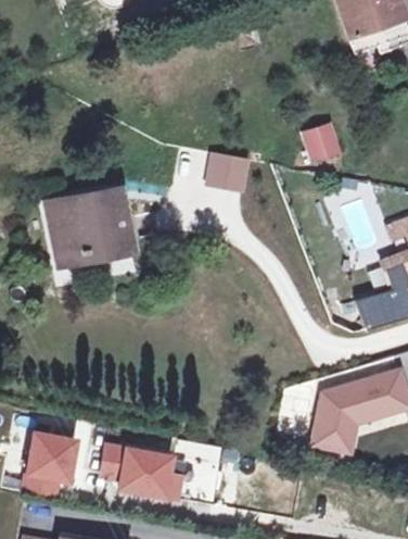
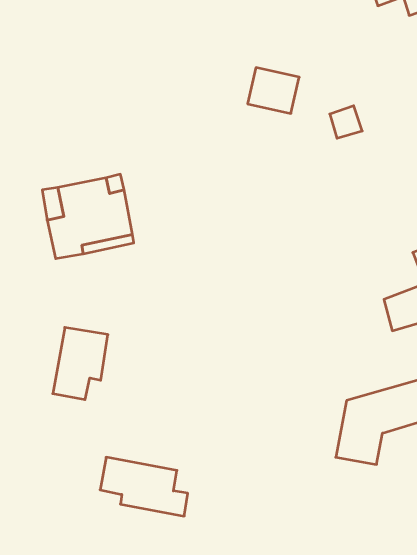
building: [204,151,251,192] -> [248,68,299,113]
building: [24,433,74,498] -> [53,327,108,400]

